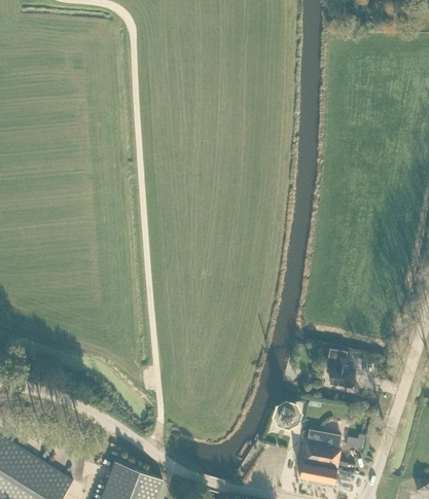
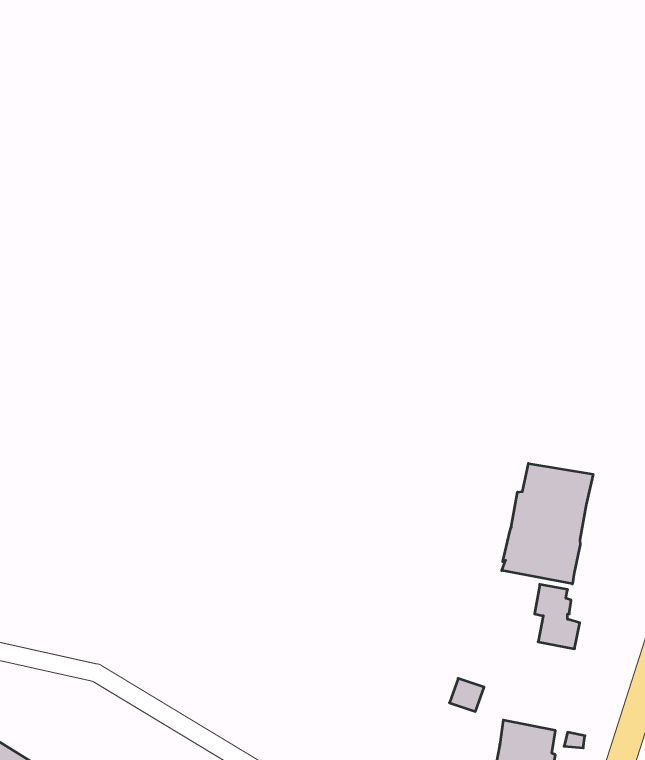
building: none -> [502,463,593,584]

